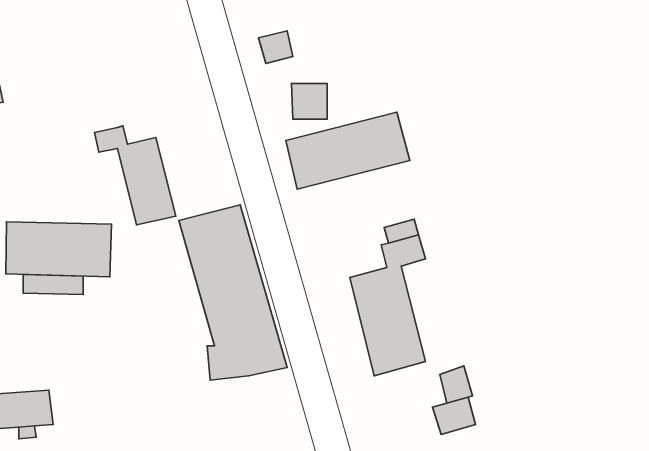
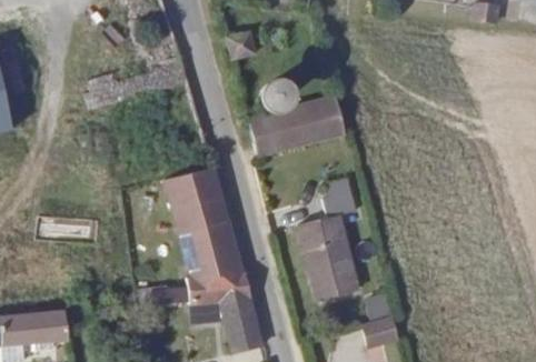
building: [95,126,176,225] -> none
building: [6,222,112,277] -> none
building: none -> [219,294,262,352]

